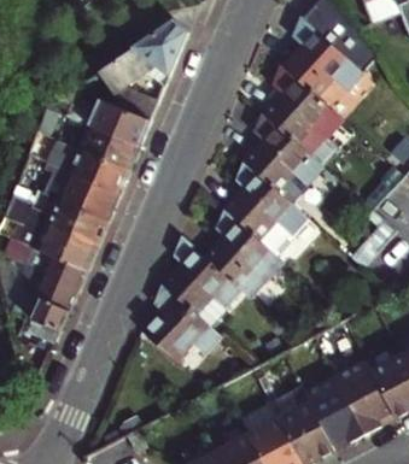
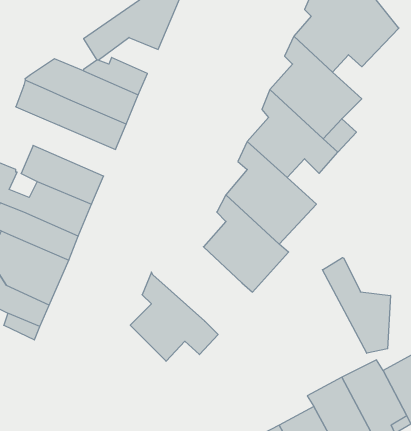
building: [29,130,128,193] -> none
building: [162,233,243,324] -> none
building: none -> [322,258,390,353]

